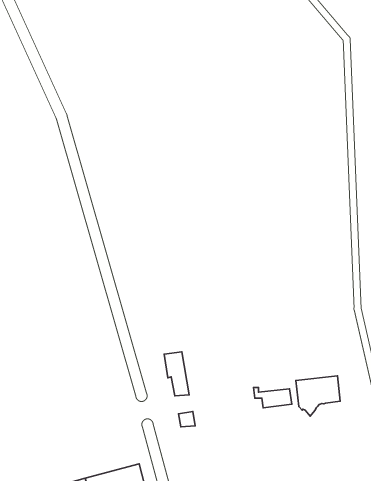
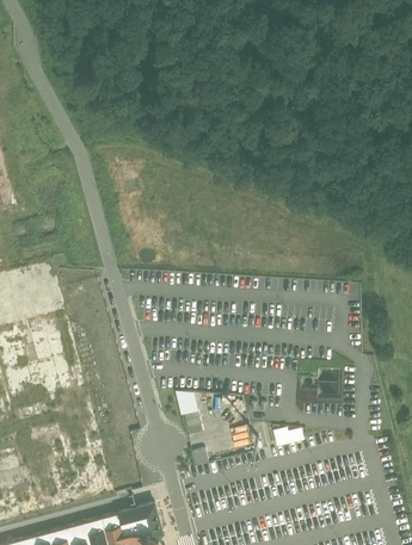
building: [296,376,340,416] -> none

